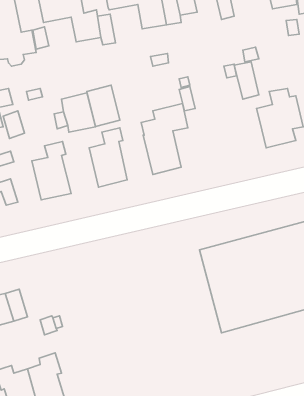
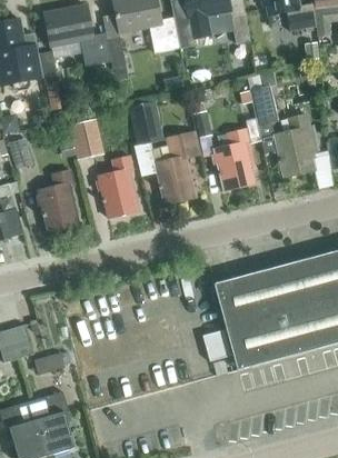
building: [87,85,120,127] -> [129,102,163,146]
building: none -> [213,129,255,190]

